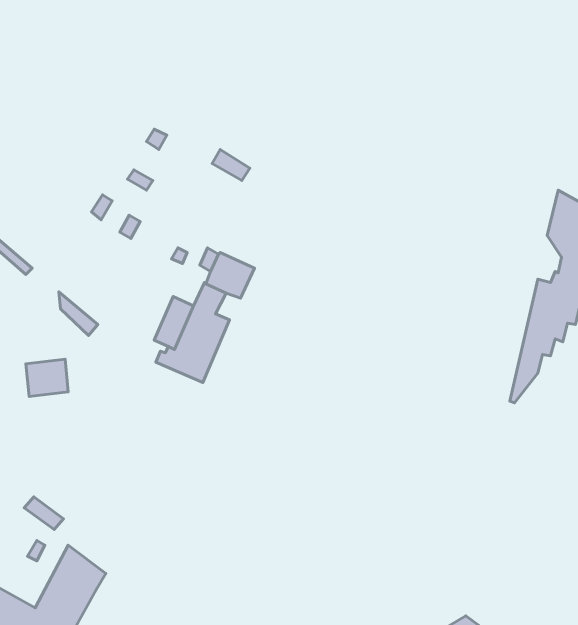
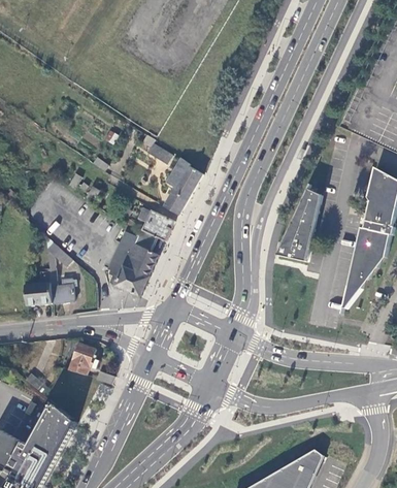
building: none -> [162,156,200,215]
building: none -> [276,190,321,263]
building: none -> [46,260,76,302]
building: none -> [64,339,96,375]

